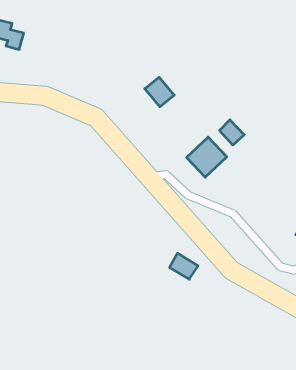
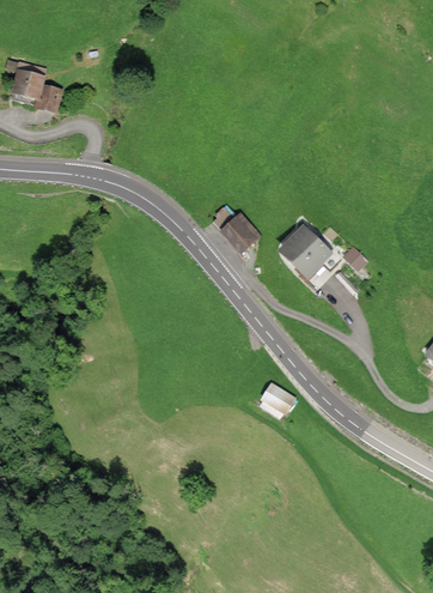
building: [145,77,174,107] -> [221,214,261,254]
building: [220,120,244,145] -> none

